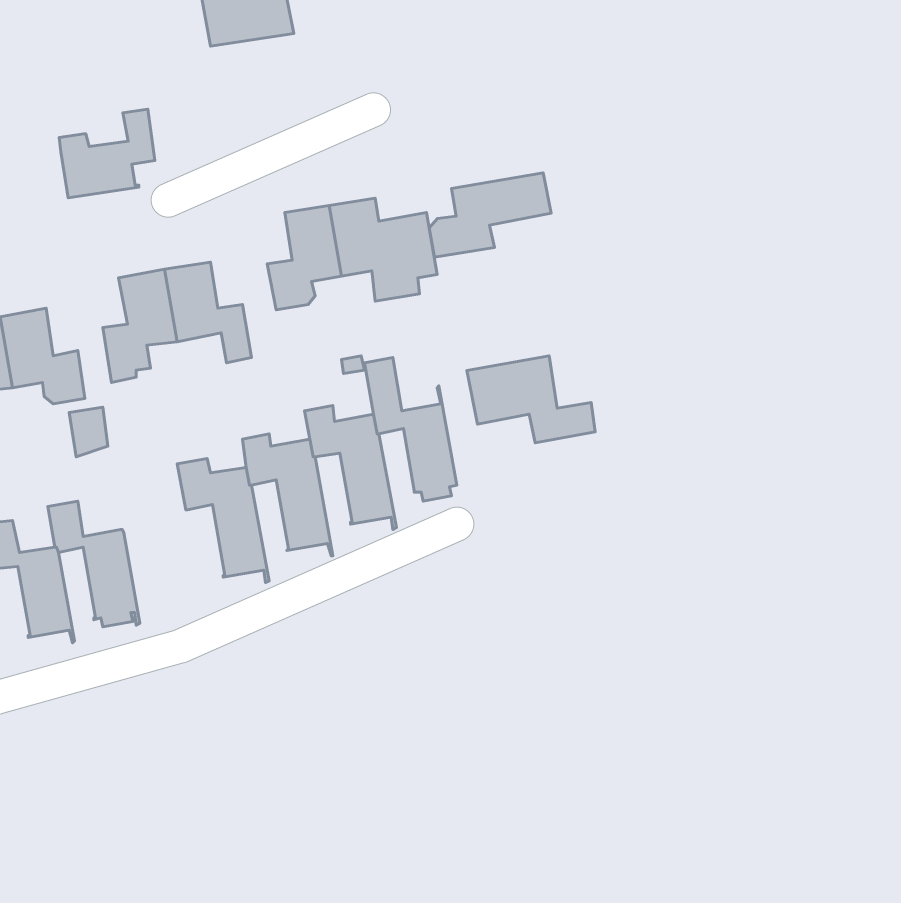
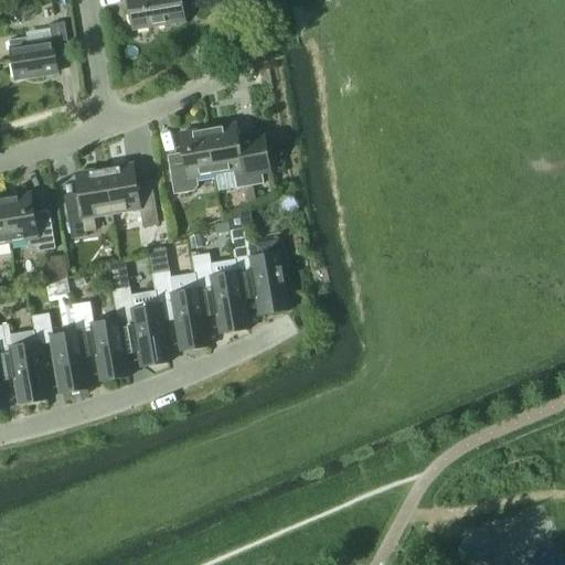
building: [59,109,155,198] -> [8,22,67,77]
building: [429,173,551,257] -> none
building: [467,356,595,443] -> none
building: none -> [71,300,127,376]

